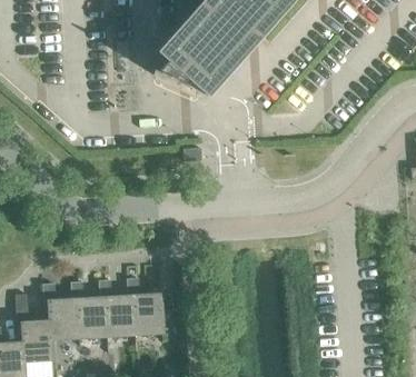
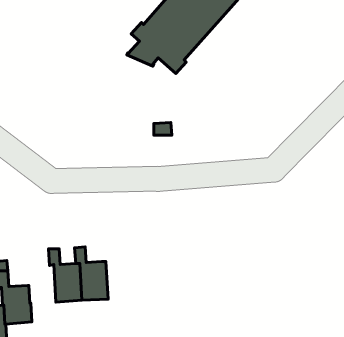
building: [131,277,168,334] -> none
building: [48,281,83,338] -> none

